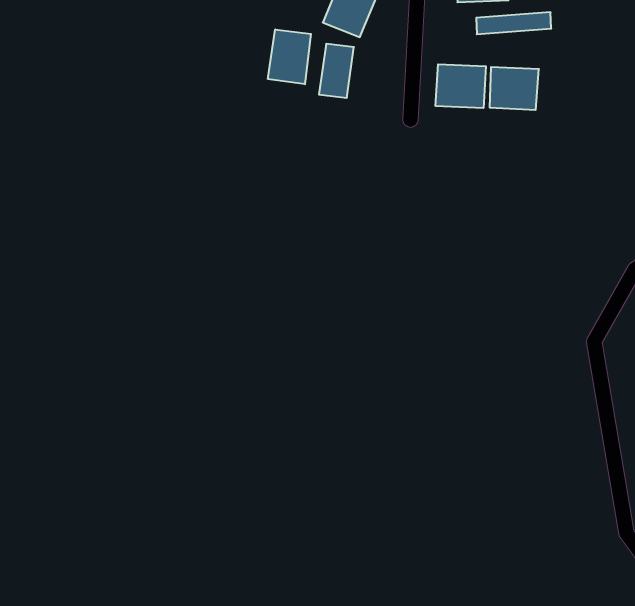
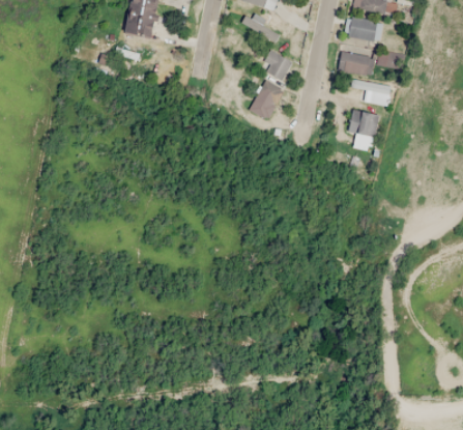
building: [268,29,311,84] -> none
building: [436,64,486,108] -> none

